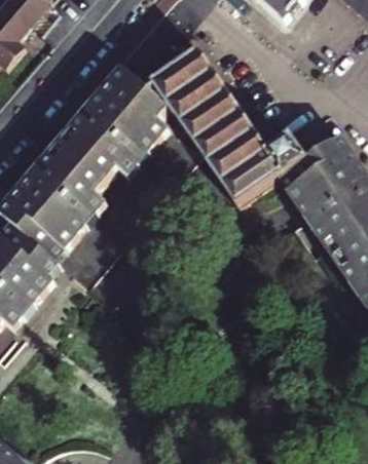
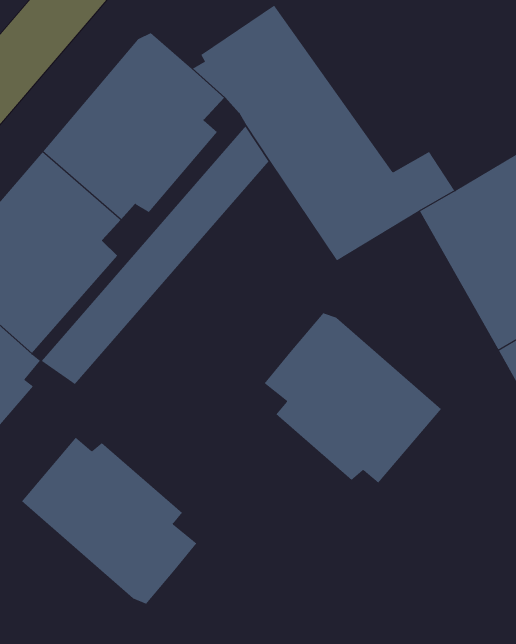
building: none -> [264,313,442,483]
building: none -> [21,437,197,604]

